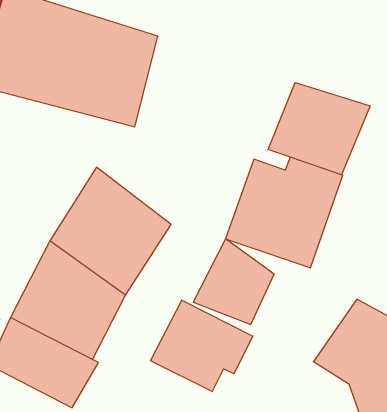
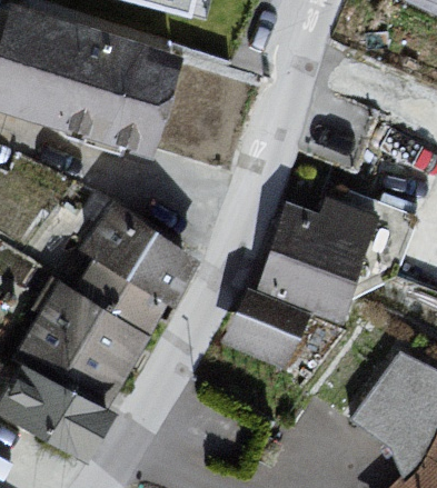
building: [268,83,370,175] -> none
building: [151,300,253,392] -> none

